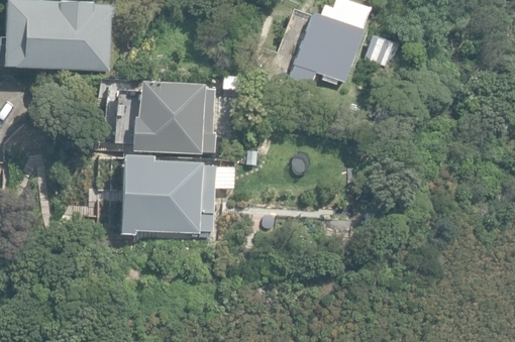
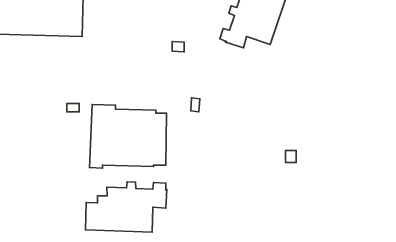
building: [127,81,217,153] -> none
building: none -> [85,182,167,232]

